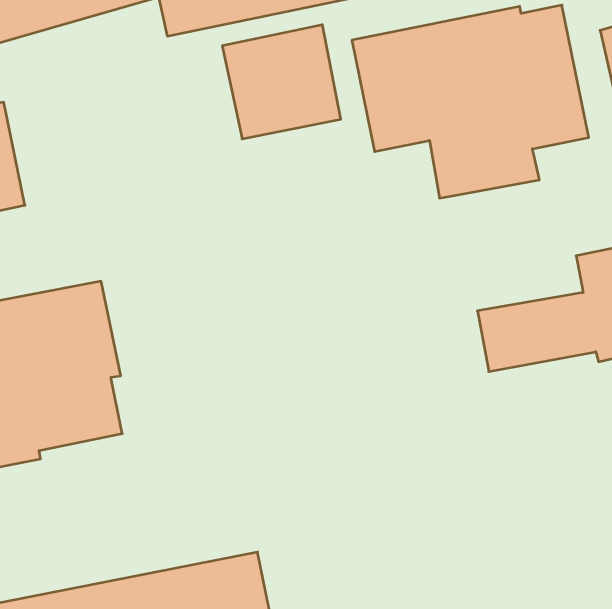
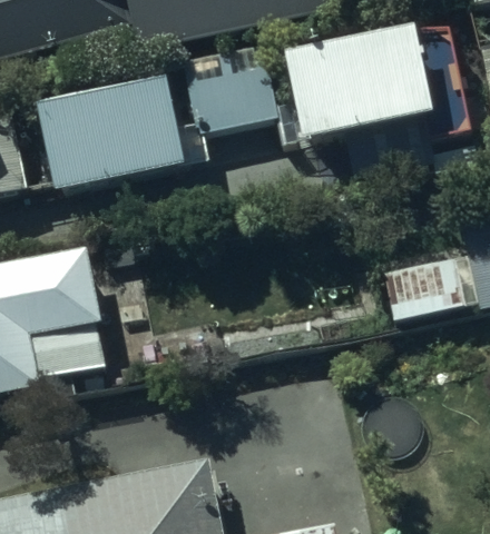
building: none -> [32,76,185,192]

